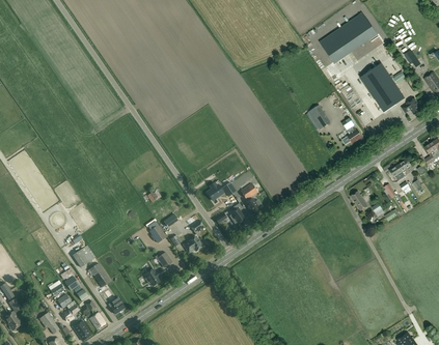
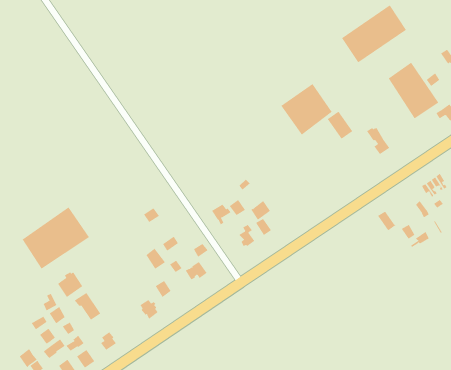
building: none -> [281,83,333,135]
building: none -> [22,207,90,270]

